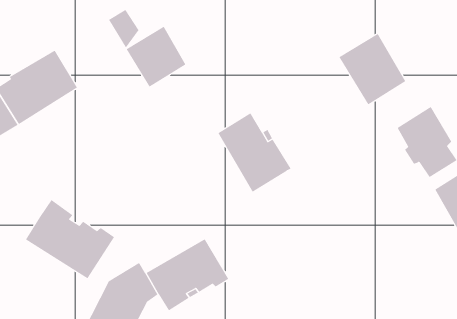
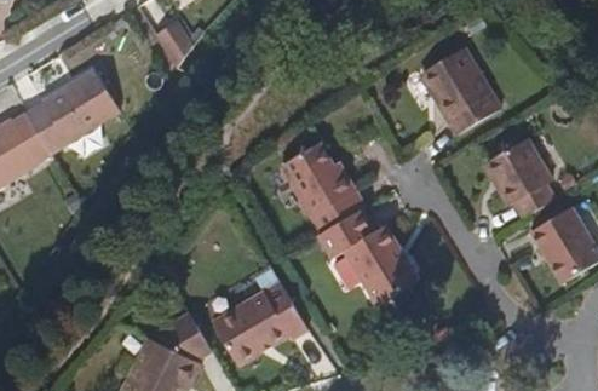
building: [126,26,186,88] -> none
building: none -> [318,209,424,305]
building: [25,199,115,279] -> none

